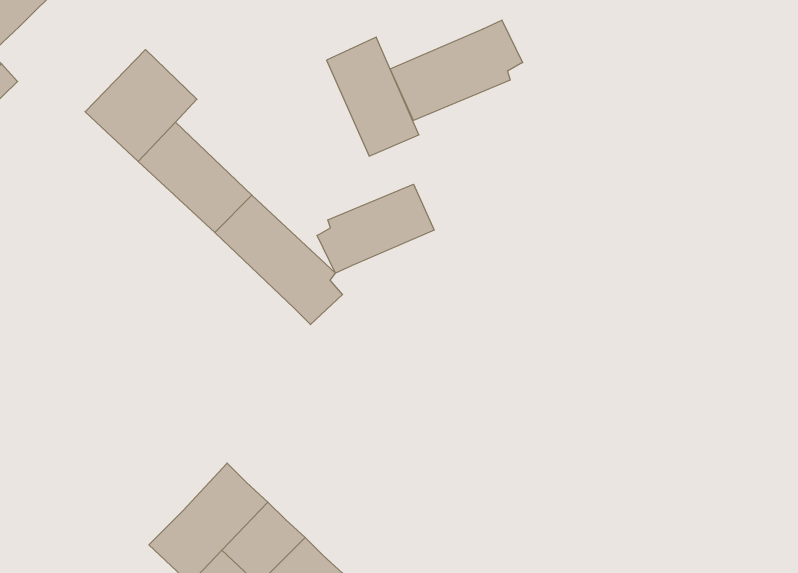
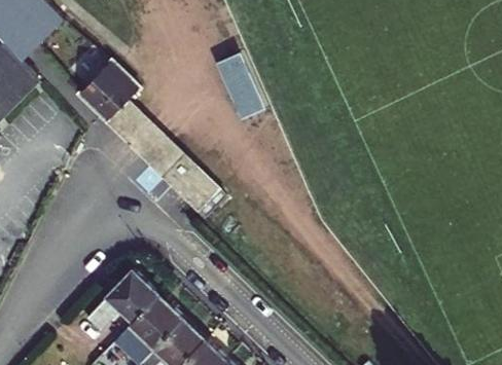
building: [390,20,523,120] -> none
building: [317,184,434,273] -> none
building: none -> [84,272,157,333]

